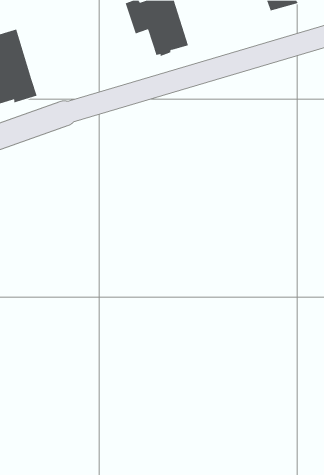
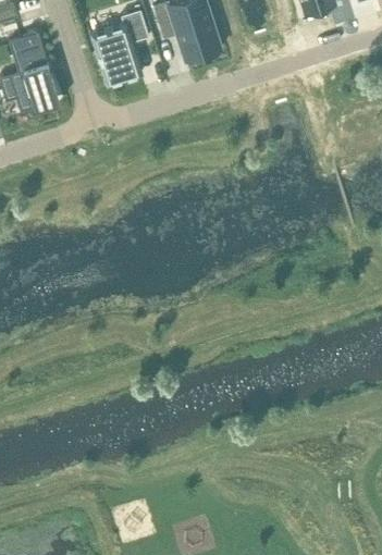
building: none -> [91,11,149,86]

